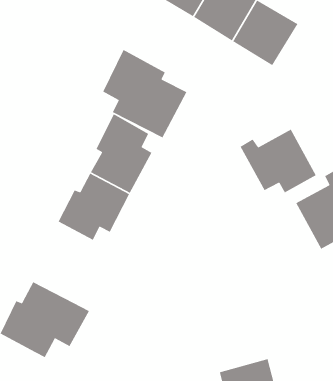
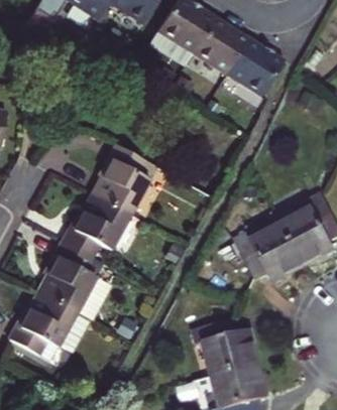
building: [102,49,188,139] -> none
building: [239,129,317,193] -> [232,222,302,280]
building: none -> [42,239,106,311]
building: none -> [188,315,254,374]

